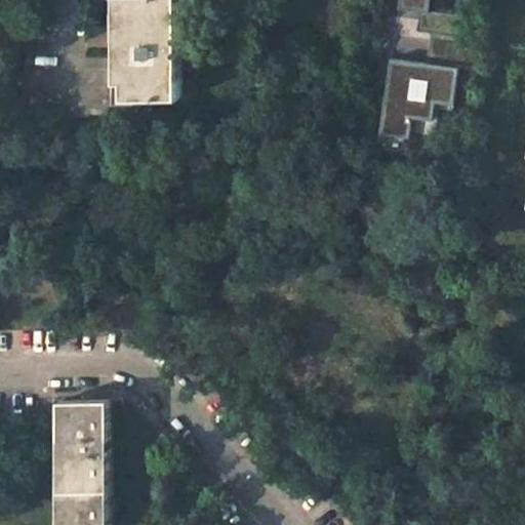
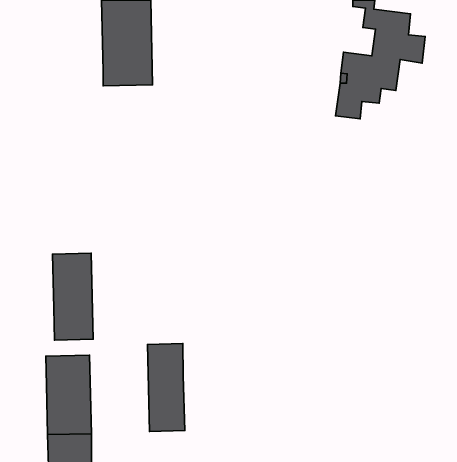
building: none -> [52,253,93,340]
building: none -> [147,344,185,431]

